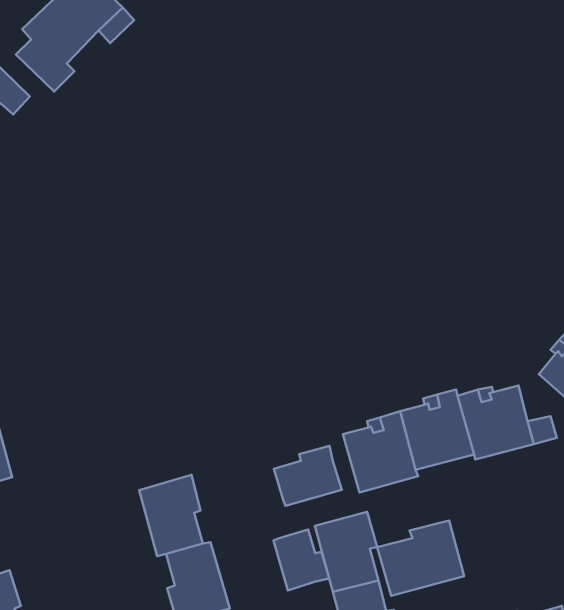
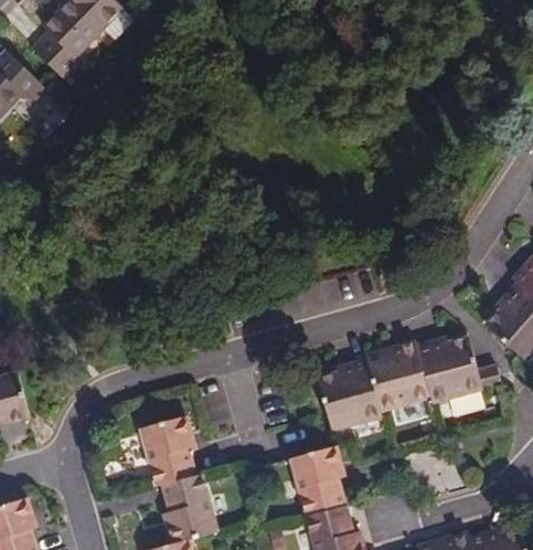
building: [274,446,342,506] -> none
building: [377,521,464,596] -> none
building: [273,529,329,590] -> none

